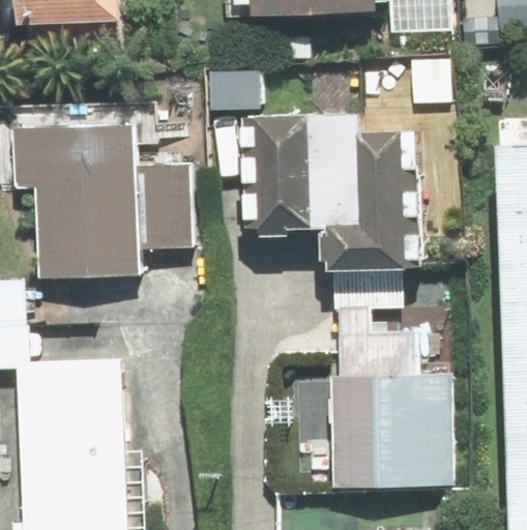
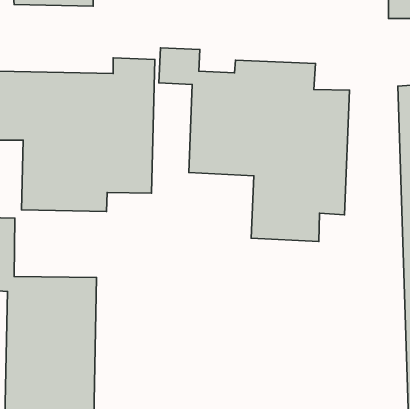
building: [330,317,455,501] -> none

